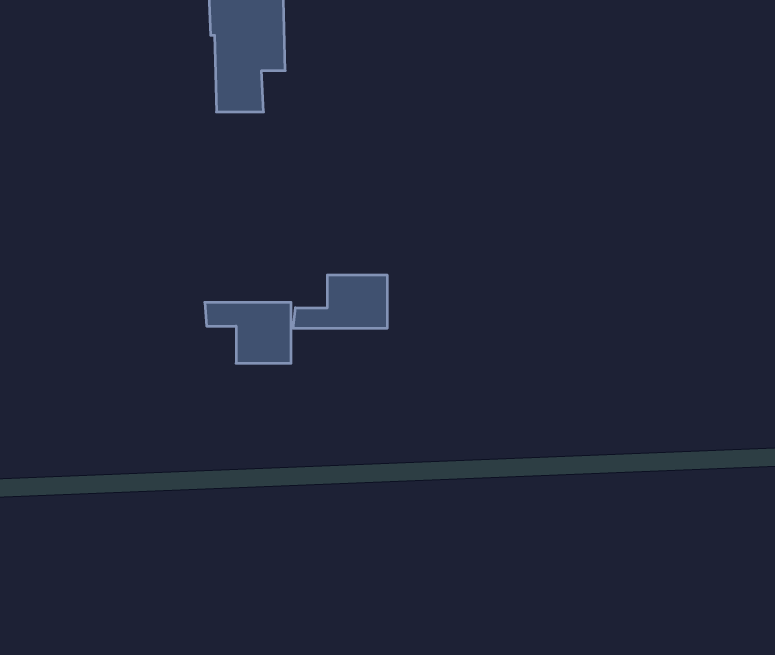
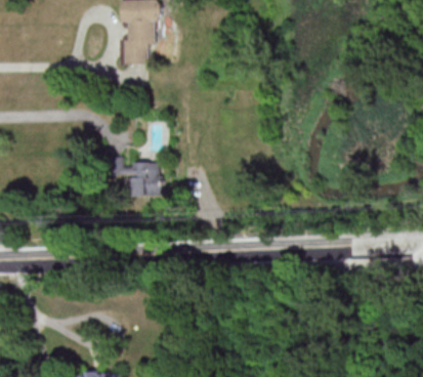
building: [293,275,387,328] -> none

